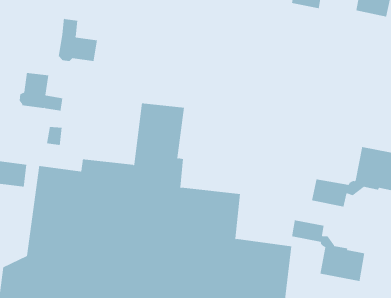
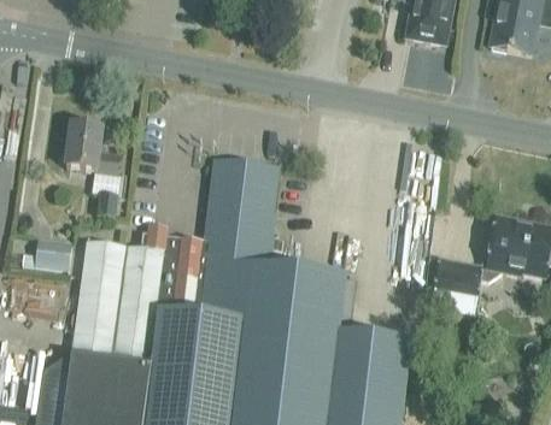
building: [58,18,98,62] -> none
building: [292,220,365,282] -> none

